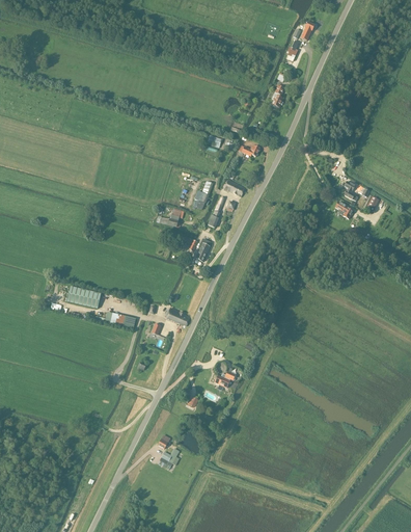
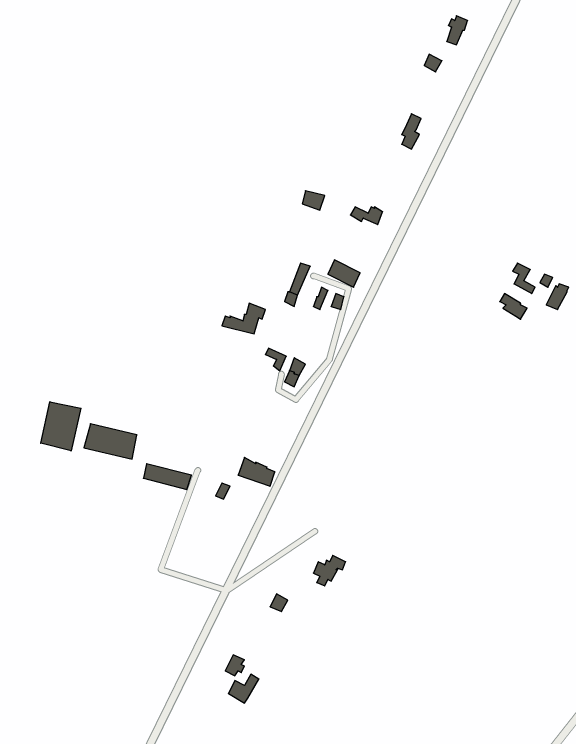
building: none -> [41,402,81,451]

